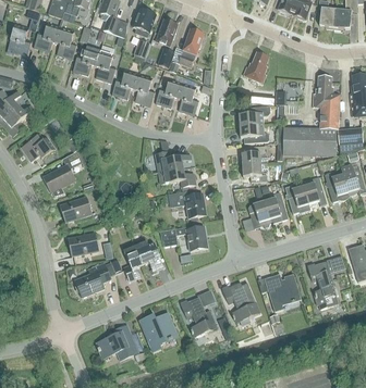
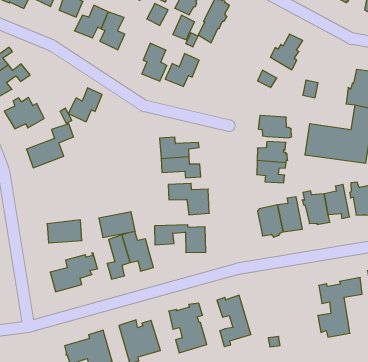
building: [111,70,138,99] -> [68,88,102,122]
building: [178,84,198,115] -> none
building: [239,105,269,125] -> none
building: [59,197,91,222] -> [99,212,135,238]
building: [264,273,301,311] -> none

